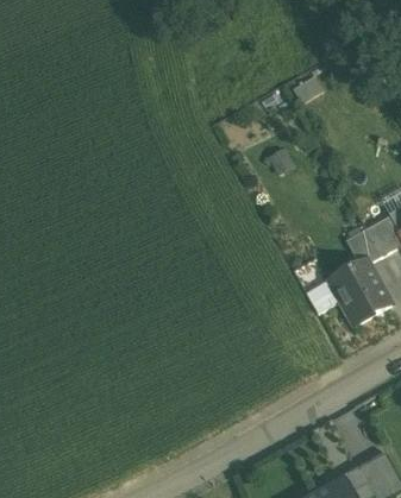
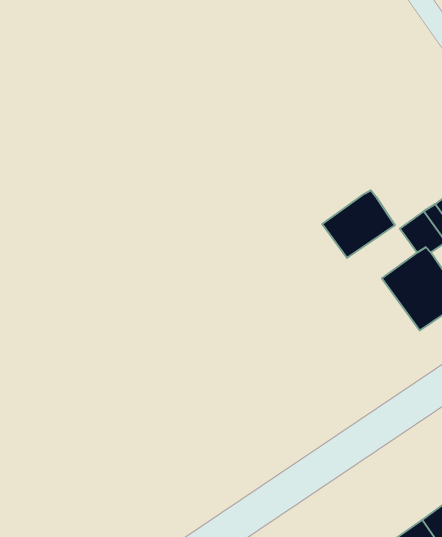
building: none -> [322,190,395,258]

